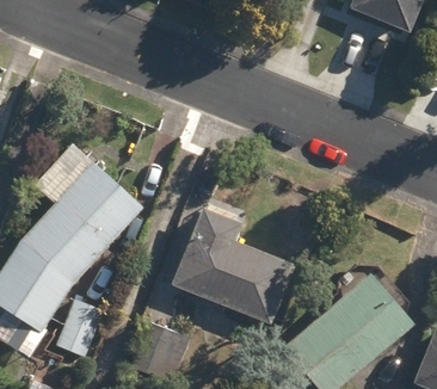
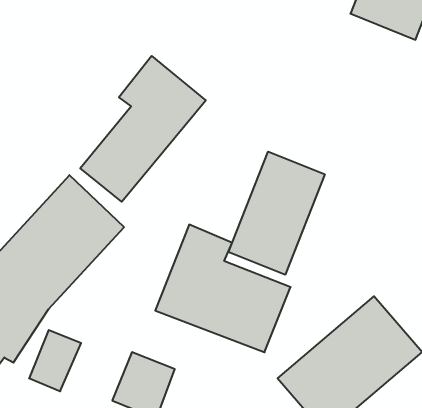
building: none -> [80,56,206,202]
building: none -> [229,152,325,275]

